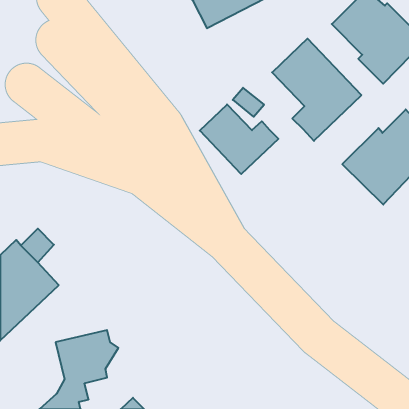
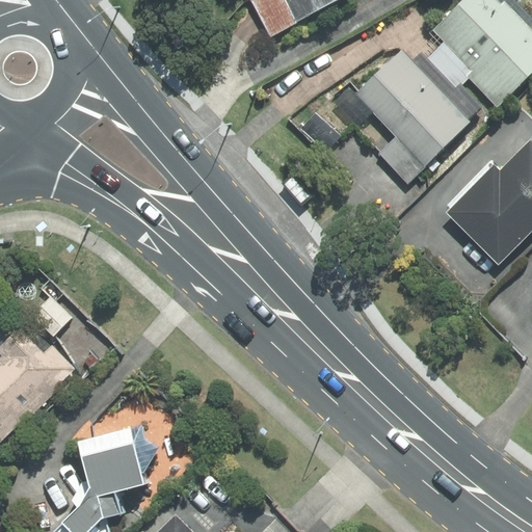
building: [200,104,278,174] -> none

